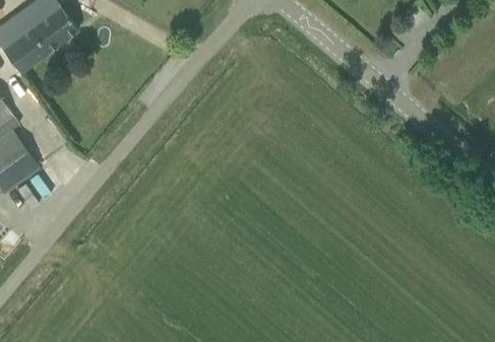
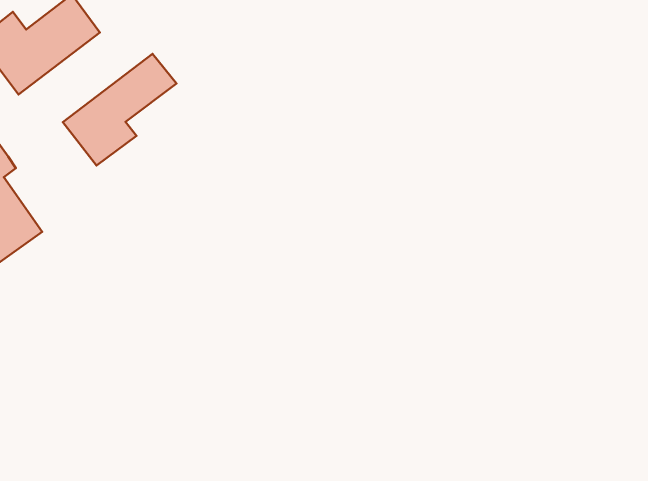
building: none -> [63,54,176,166]

